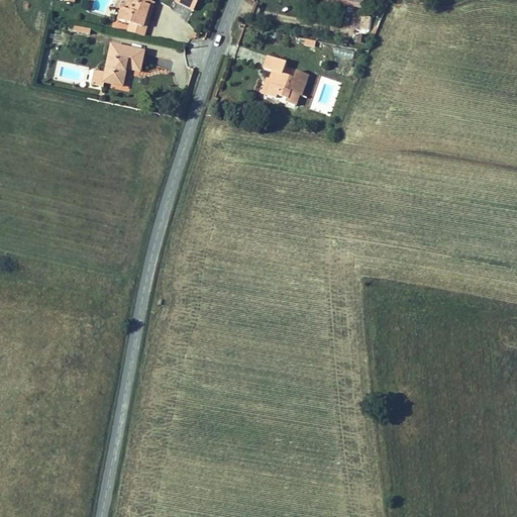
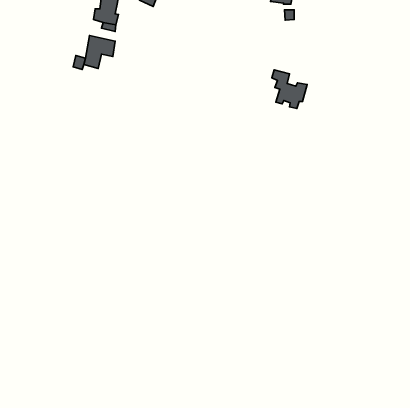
building: [261,53,305,101] -> [272,70,307,109]

